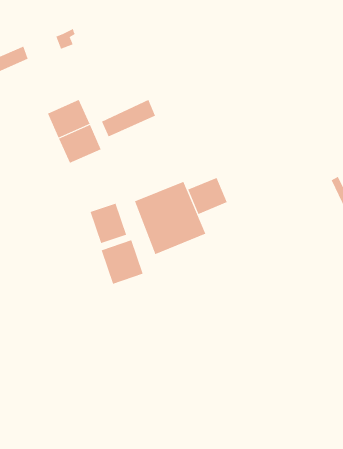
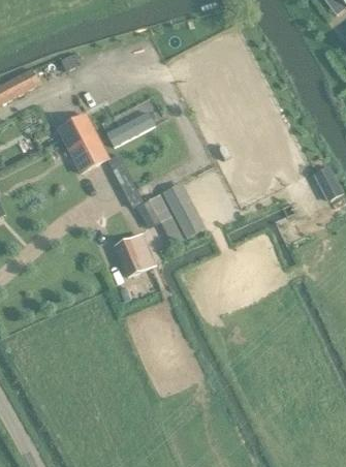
building: [188,177,227,215] -> none
building: [90,203,127,244] -> none

